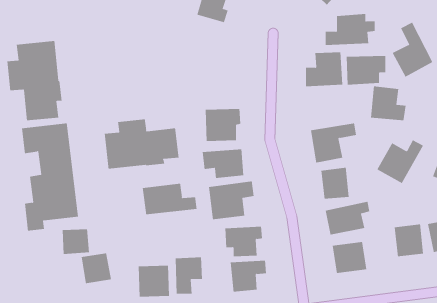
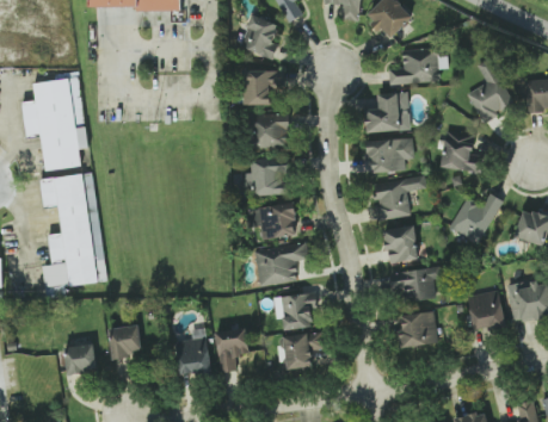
building: none -> [244,68,283,104]
building: [346,55,386,85] -> [367,137,413,172]
building: none -> [251,112,290,149]
building: [104,118,179,170] -> none
building: [142,183,197,215] -> none
building: [62,229,90,255] -> [64,343,97,373]

